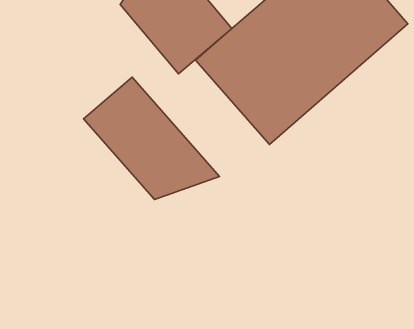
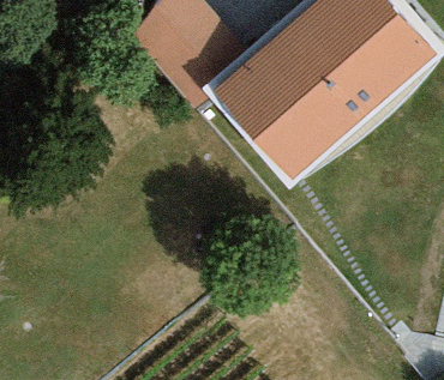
building: [83,77,219,200] -> none

